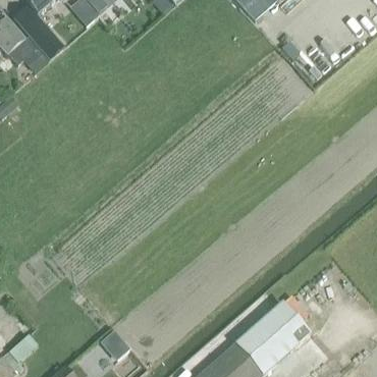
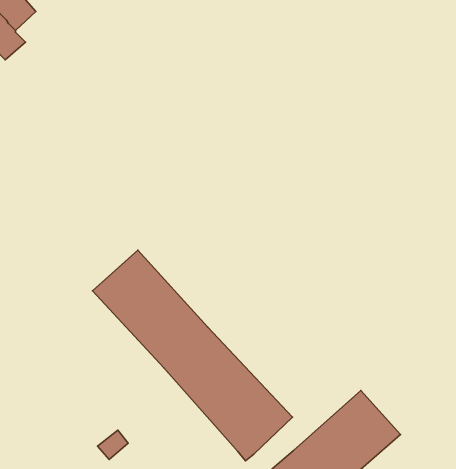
building: none -> [92,250,293,461]

